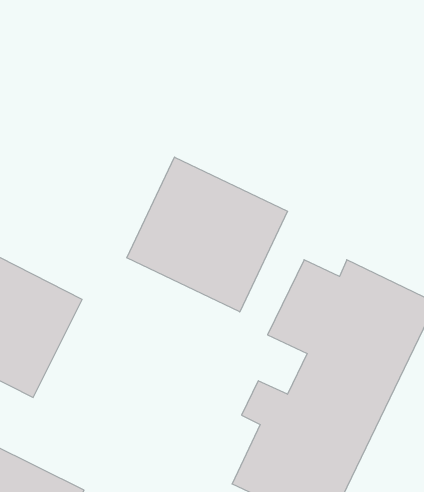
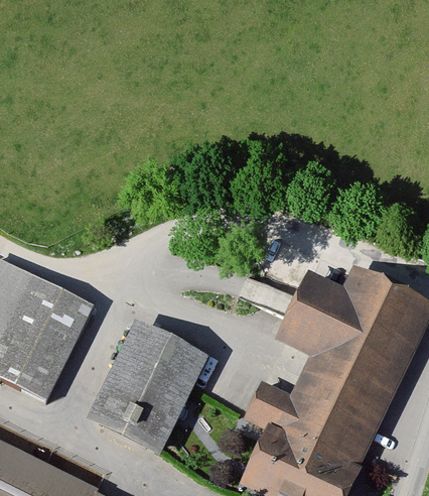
building: [127,157,288,312] -> none
building: none -> [86,323,207,456]

